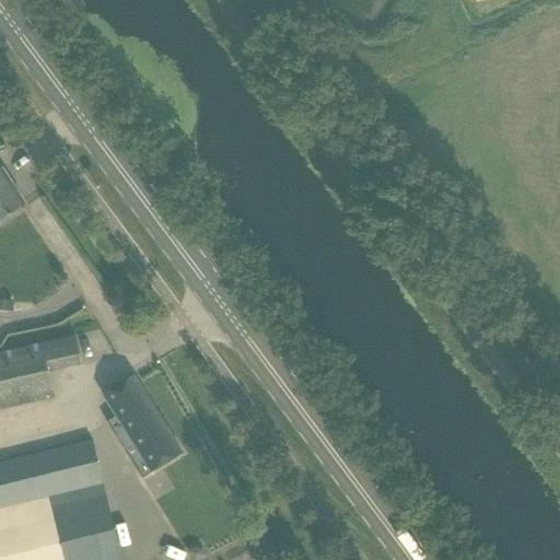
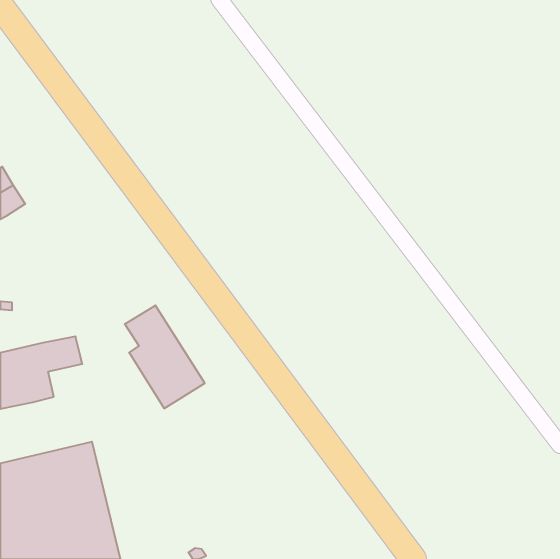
building: [102,375,182,478] -> [125,305,205,408]

